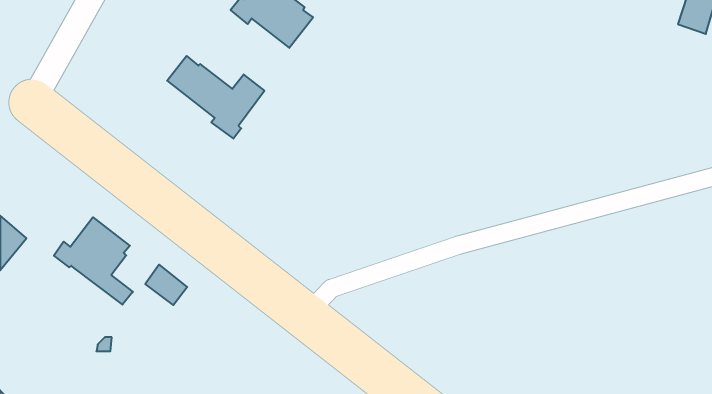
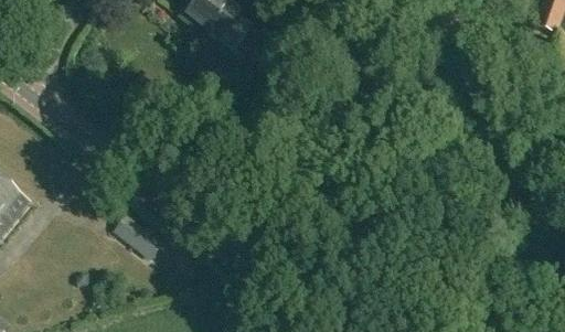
building: [167,56,264,139] -> none
building: [54,217,133,305] -> none

